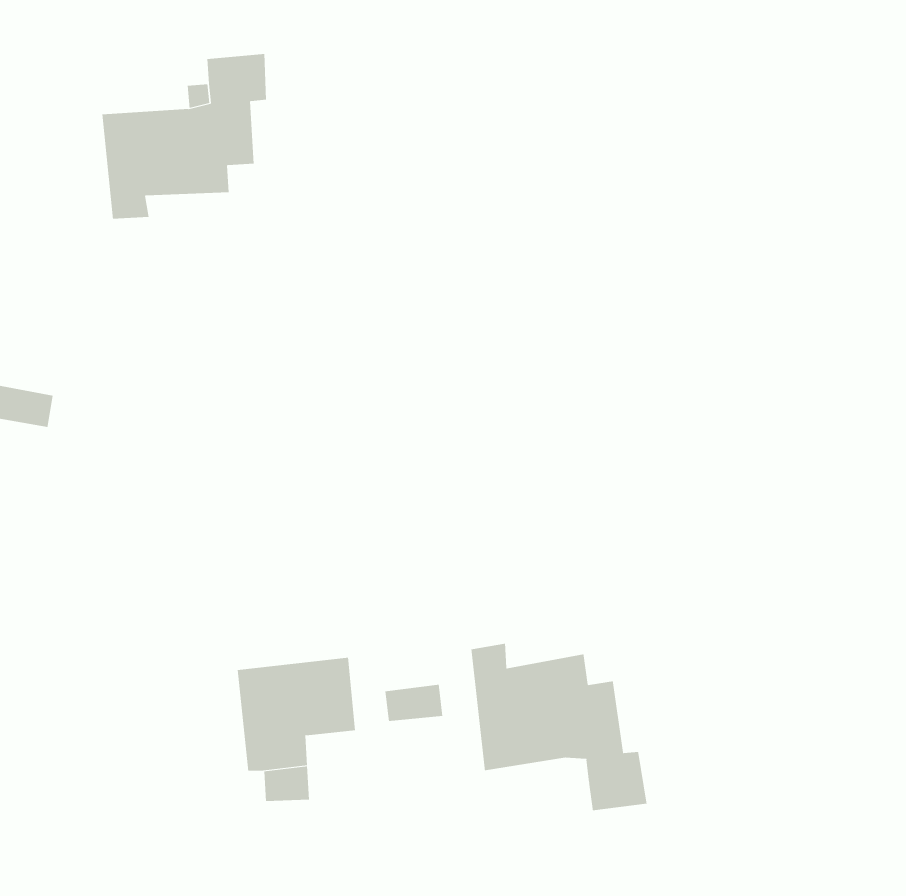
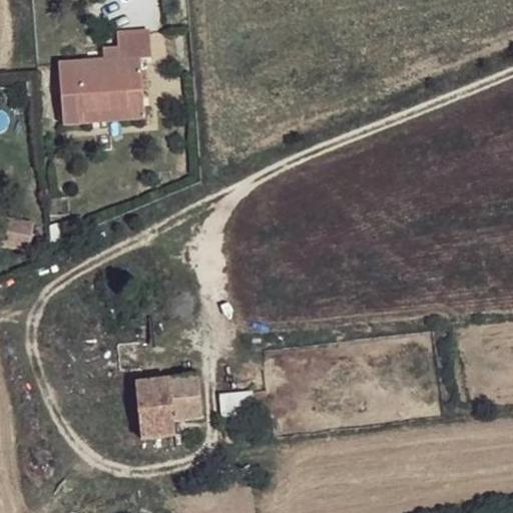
building: none -> [82,92,145,122]
building: [471,643,647,811] -> none

